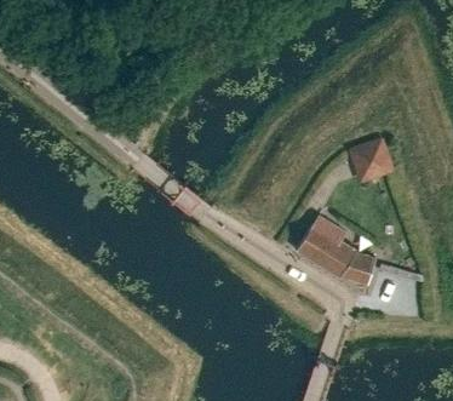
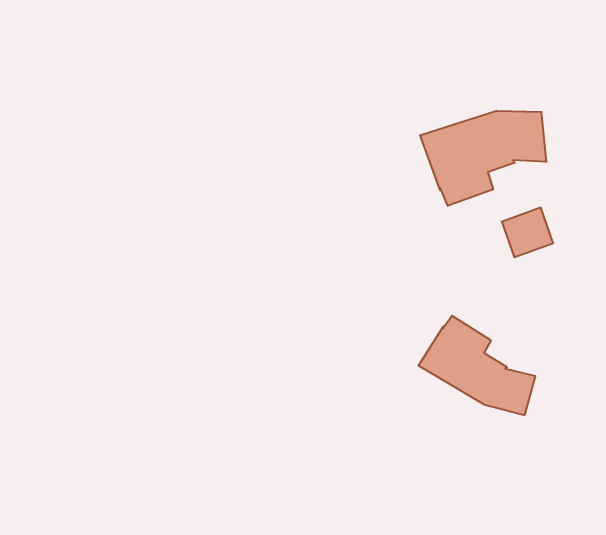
building: none -> [420,111,546,206]

